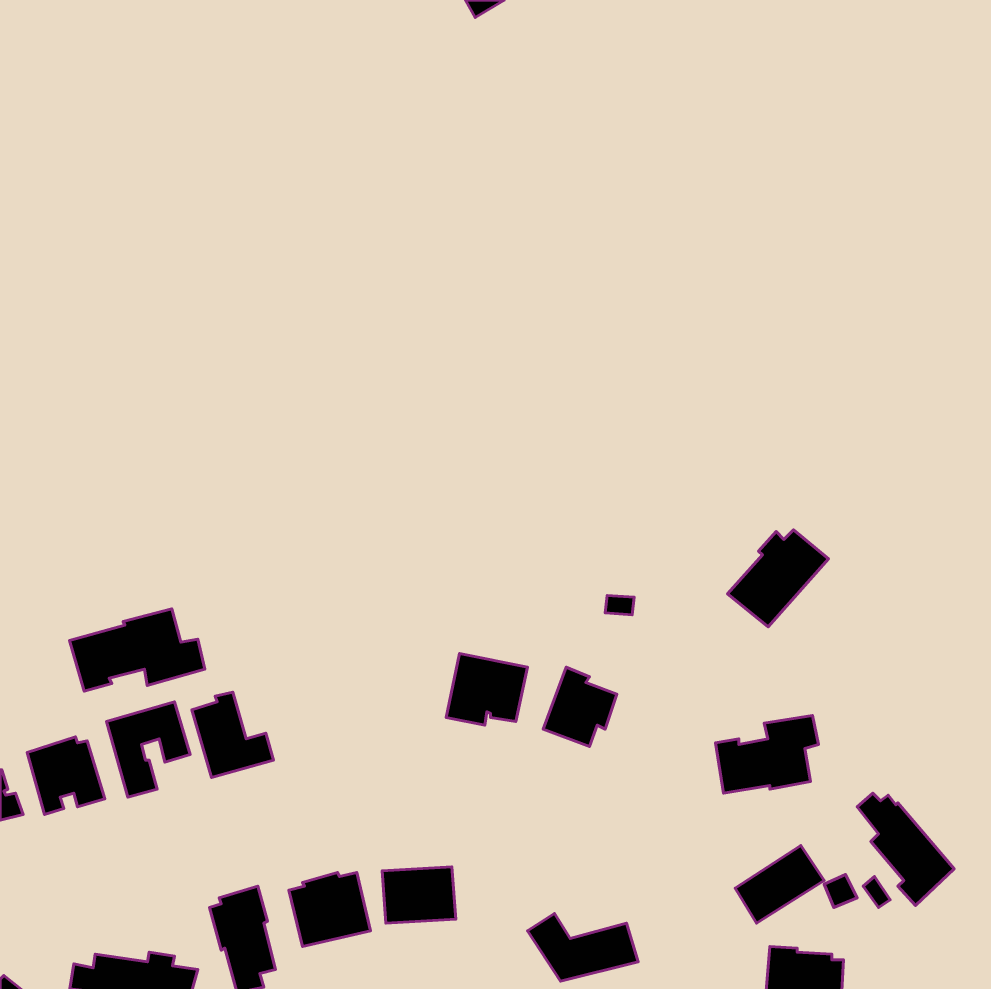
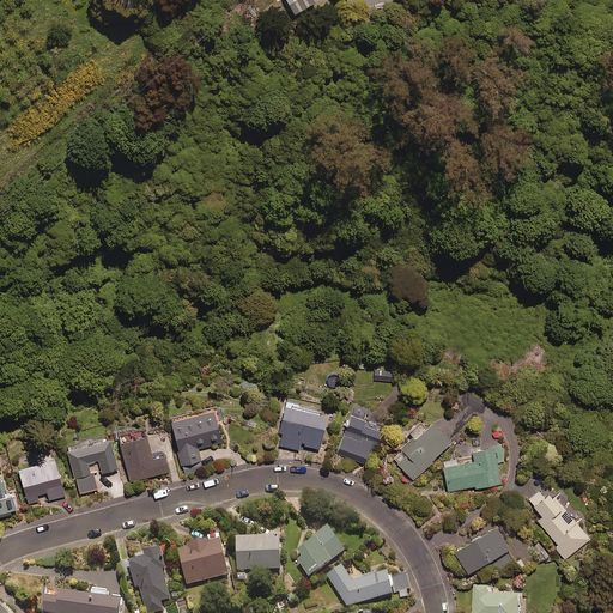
building: [728,530,828,627] -> [390,420,453,480]
building: [69,609,205,691] -> none
building: none -> [170,408,221,466]
building: none -> [296,528,345,578]

